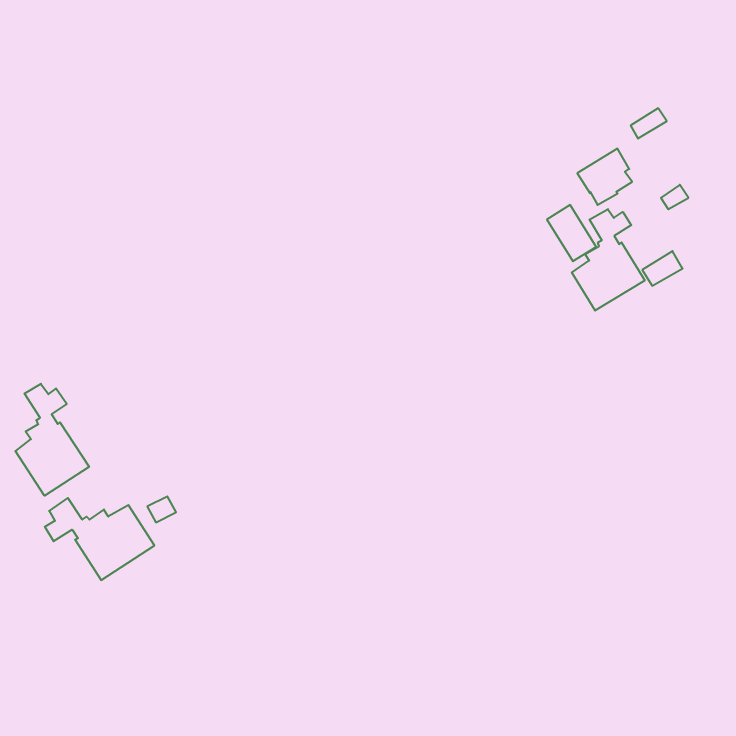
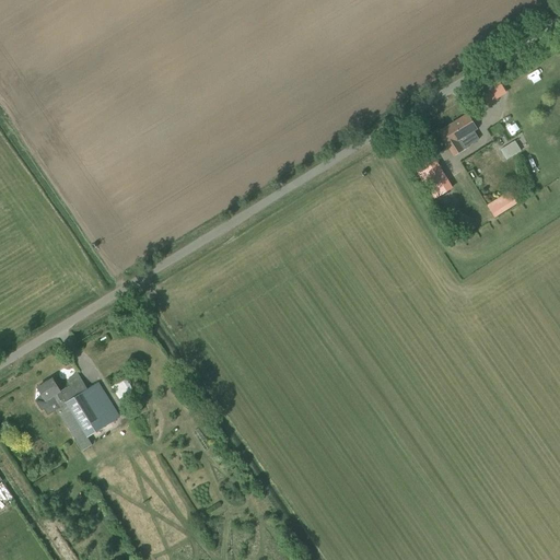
building: [572,209,645,311] -> none
building: [15,384,89,496] -> none

